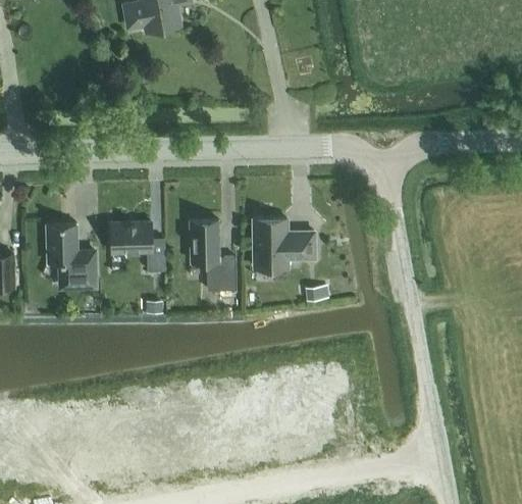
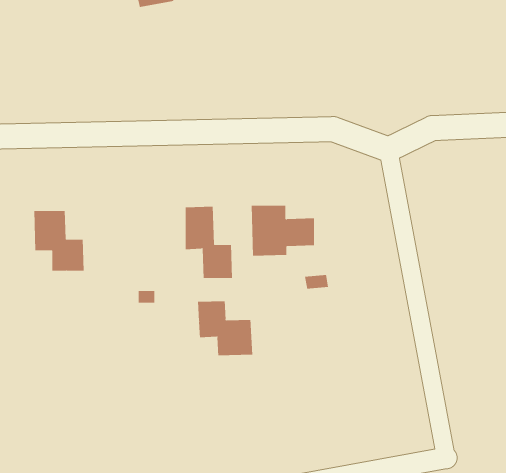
building: [111,223,165,272] -> none
building: none -> [198,301,253,356]

